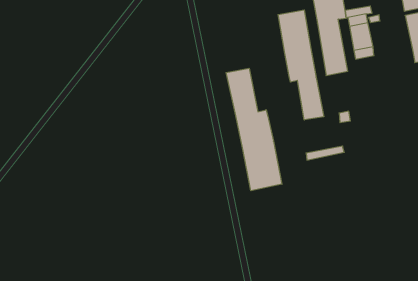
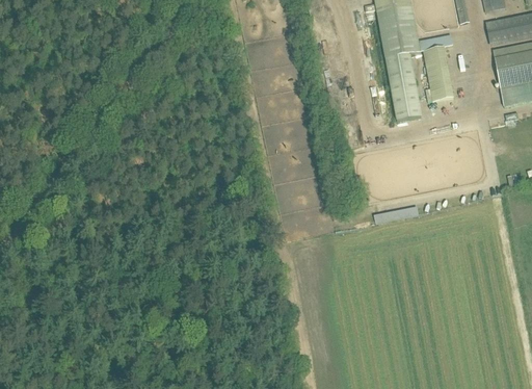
building: [278,10,324,120] -> none
building: [226,68,282,191] -> none

